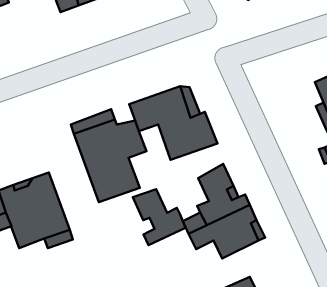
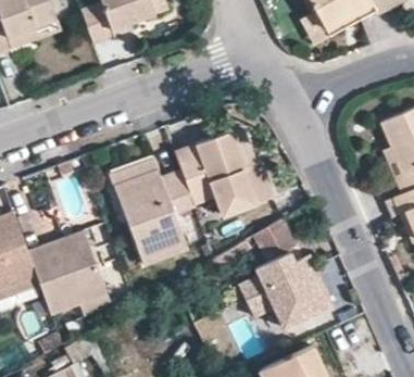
building: [133,189,186,245] -> none

